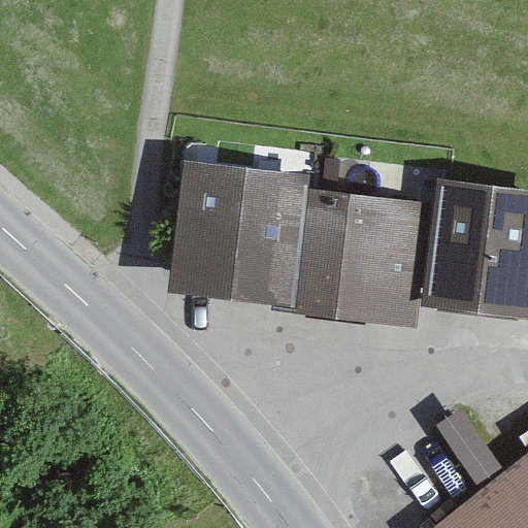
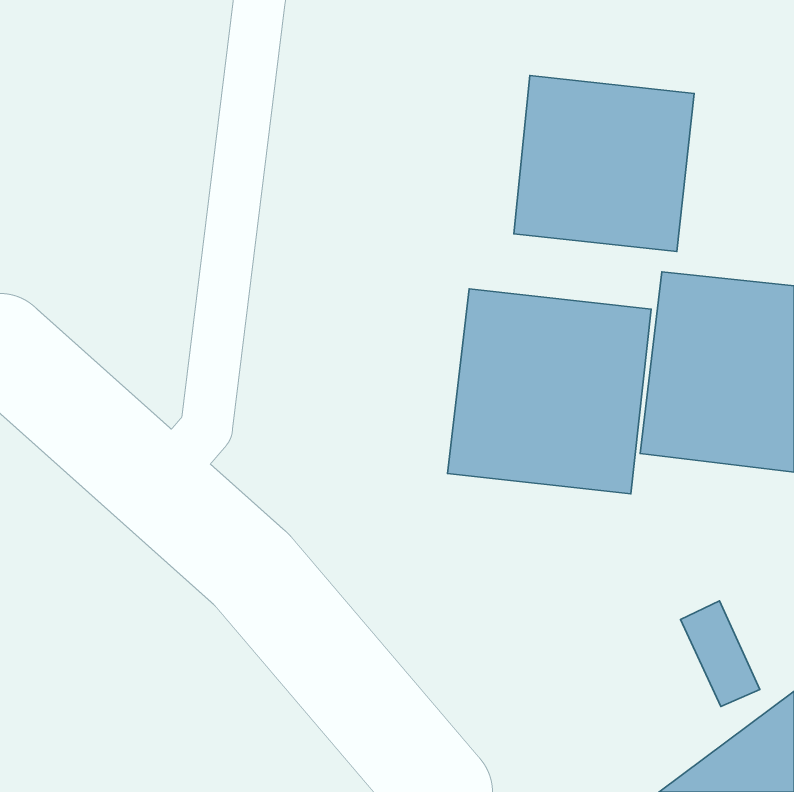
building: none -> [514,75,694,252]
building: [174,165,307,300] -> none

